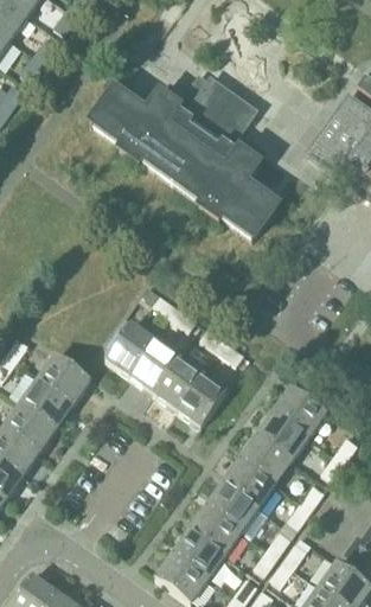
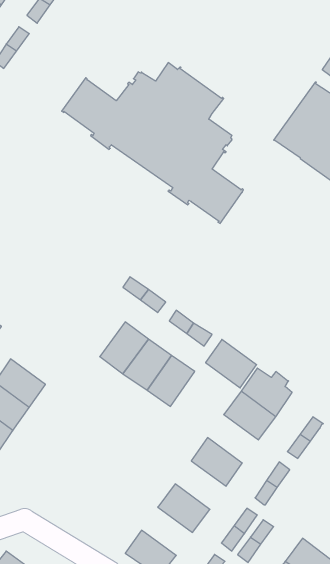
building: [105,322,155,375] -> none
building: [38,353,91,403] -> none
building: [239,434,292,484] -> [206,339,257,388]
building: [206,481,258,531] -> none
building: [172,529,224,579] -> none

